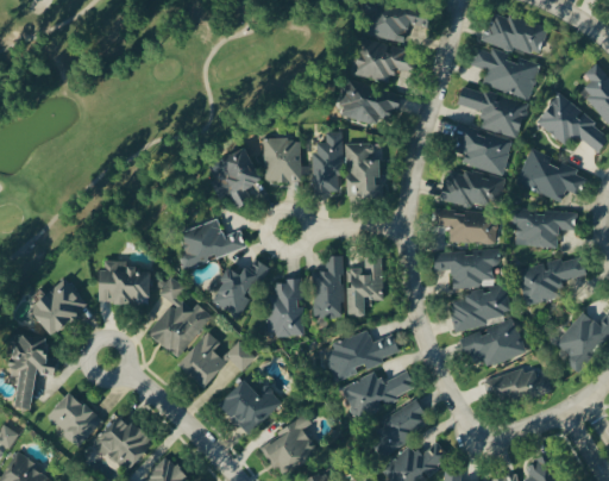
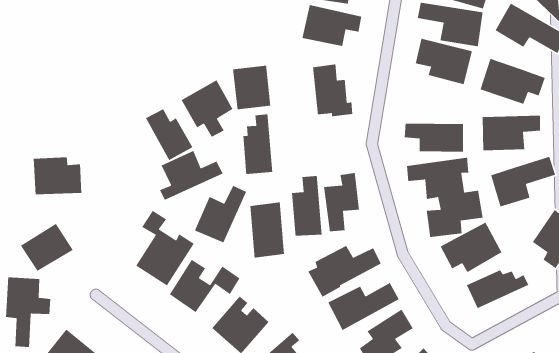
building: [310,132,339,193] -> [242,114,273,175]
building: [438,168,500,208] -> none
building: none -> [145,108,194,161]
building: [100,262,150,302] -> [33,157,82,195]

